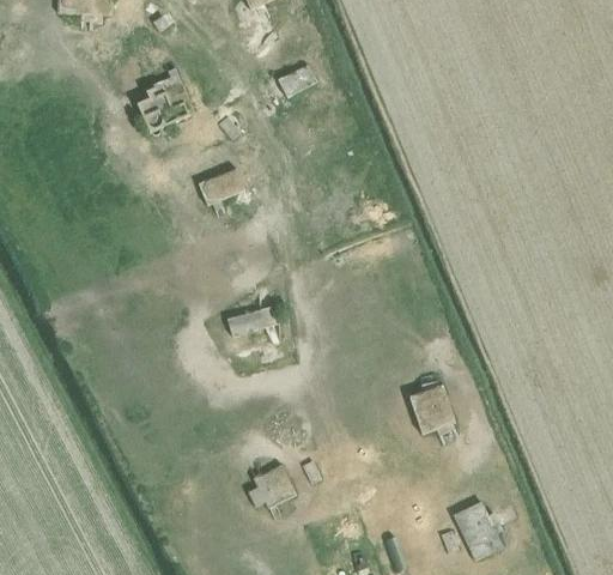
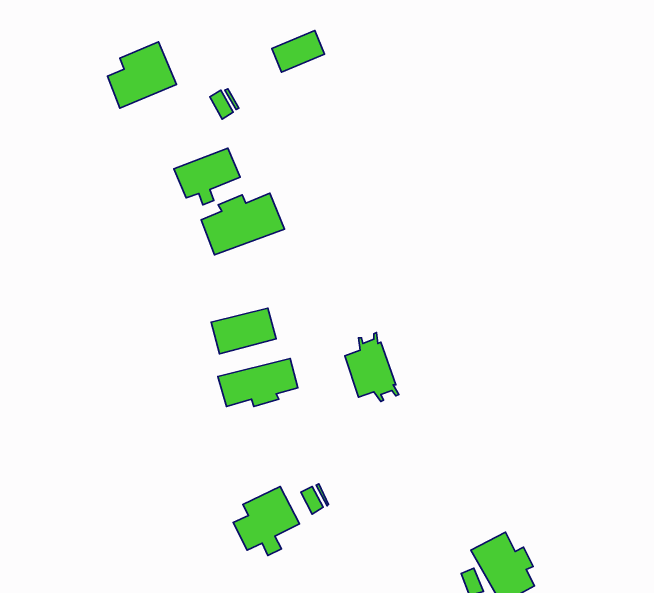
building: none -> [201,193,285,255]
building: none -> [218,359,298,406]
building: [411,373,457,432] -> [345,332,399,401]

